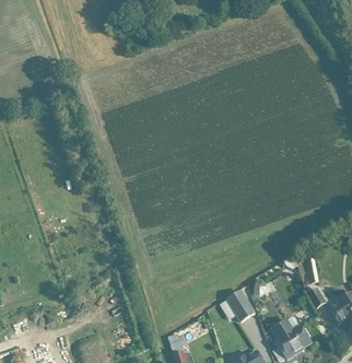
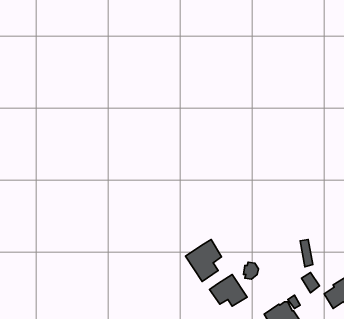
building: none -> [186,240,222,282]

